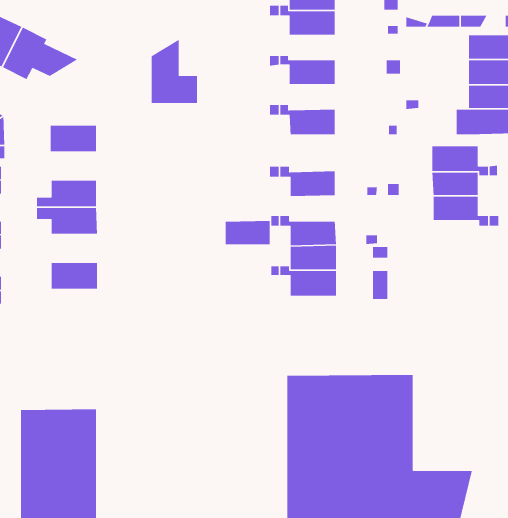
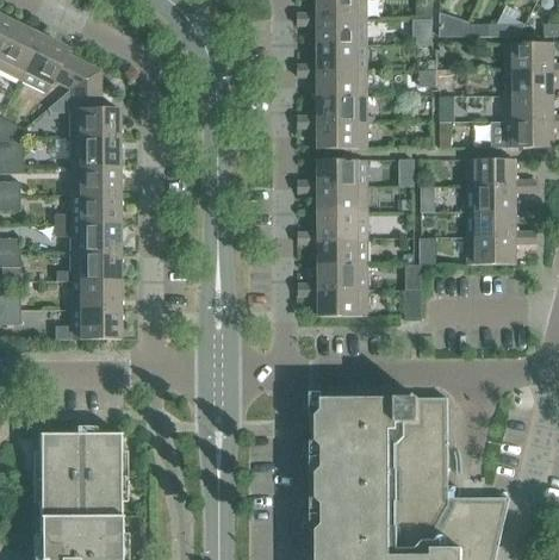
building: none -> [318,44,367,69]
building: [151,39,198,104] -> [69,69,118,137]
building: none -> [318,95,367,122]
building: none -> [318,160,367,186]
building: none -> [69,166,118,194]
building: [225,220,270,245] -> [319,211,367,237]
building: none -> [468,237,516,263]
building: none -> [56,251,119,280]
building: none -> [54,309,119,338]

